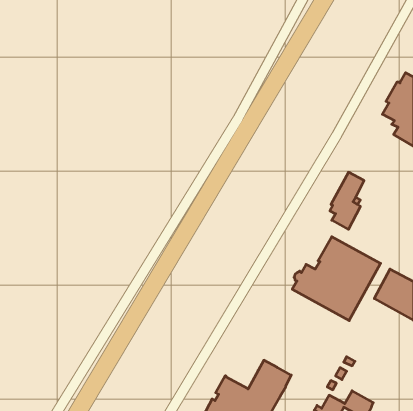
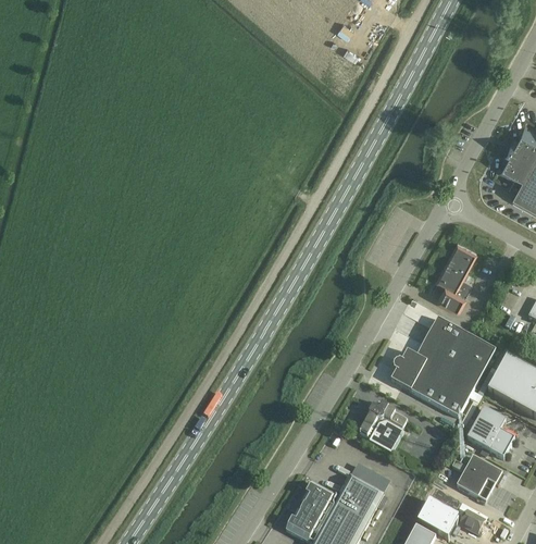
building: none -> [360,403,408,452]
building: none -> [468,407,515,457]
building: none -> [457,455,504,502]

